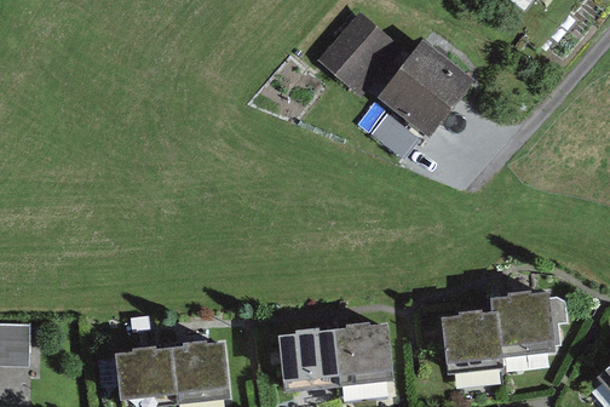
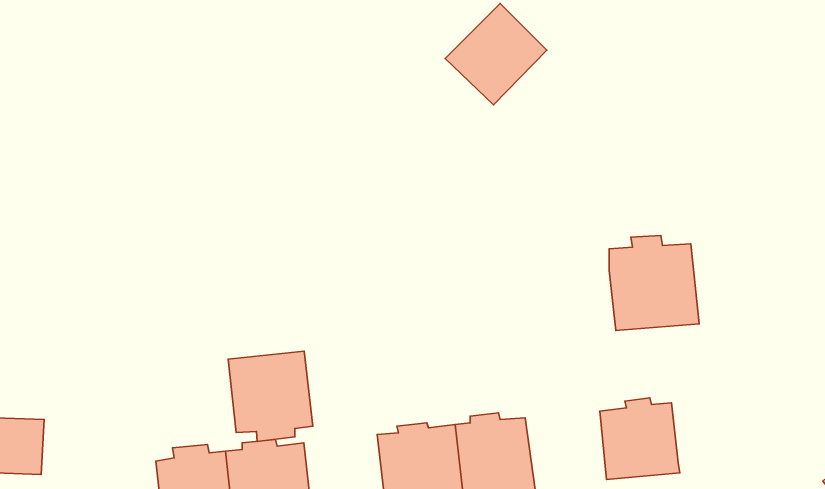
building: [386,45,473,132] -> none
building: none -> [228,351,313,441]
building: [490,288,556,357] -> [609,236,699,330]

